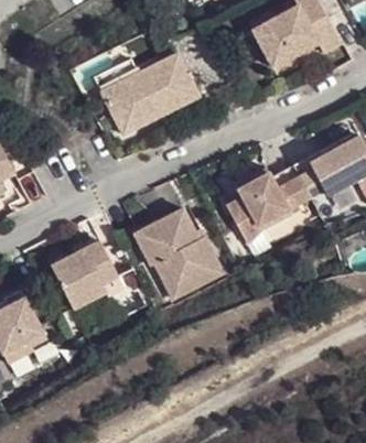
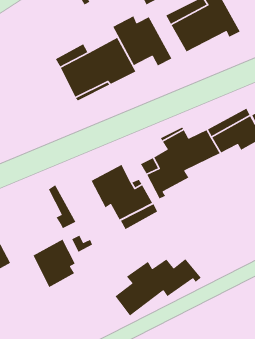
building: none -> [112,15,172,67]
building: [52,241,107,304] -> [32,239,76,288]
building: none -> [115,258,202,316]

